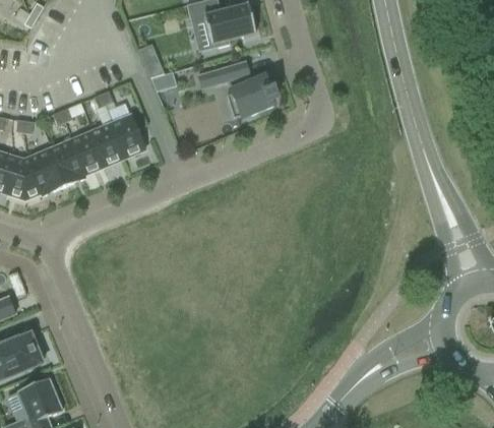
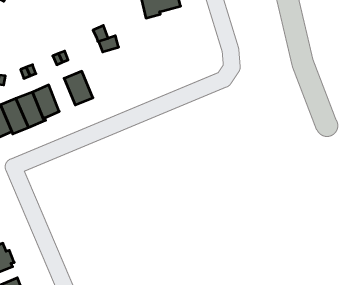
building: [210,59,277,117] -> none
building: [87,124,121,166] -> none

